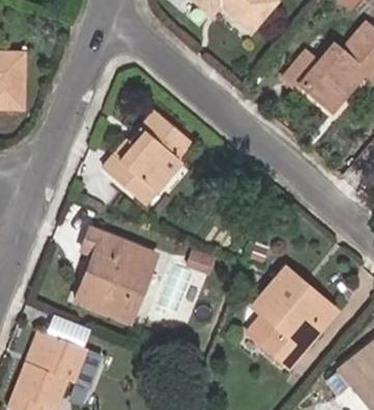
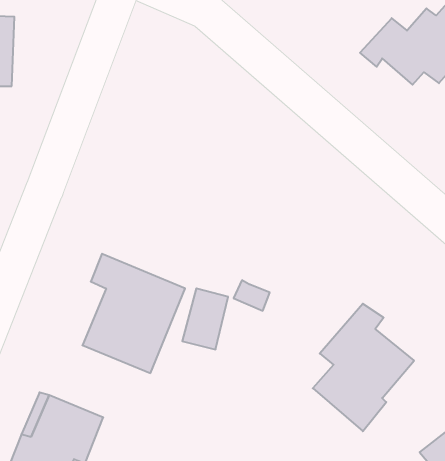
building: [105,113,188,196] -> none
building: [286,277,339,368] -> none

